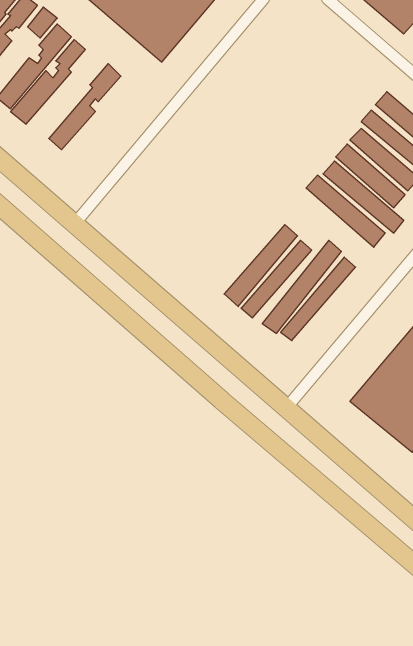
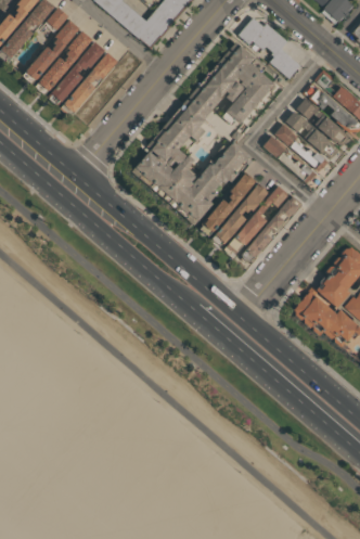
building: none -> [237,17,299,77]
building: none -> [49,40,106,106]
building: none -> [133,47,272,221]

